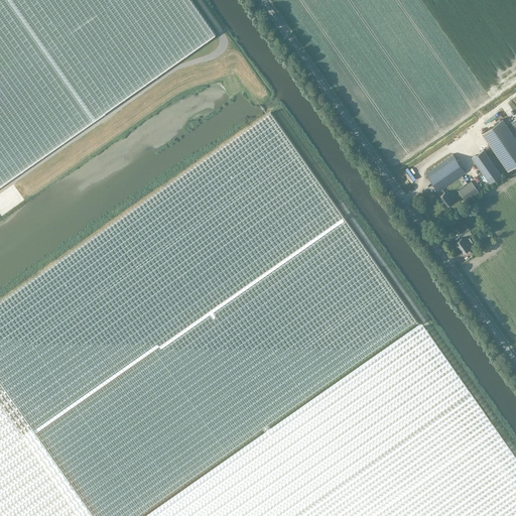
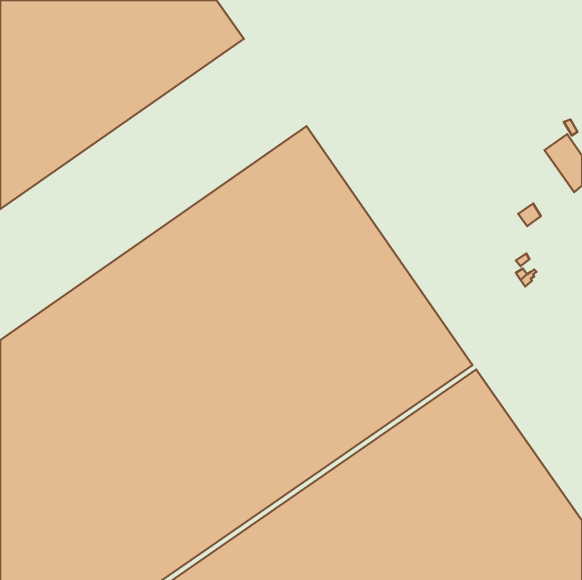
building: [472,150,502,184] -> none
building: [426,155,467,207] -> none

